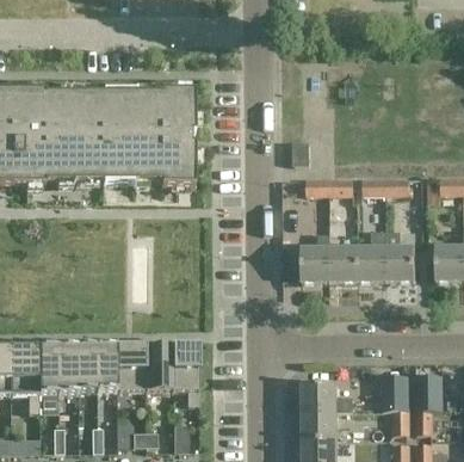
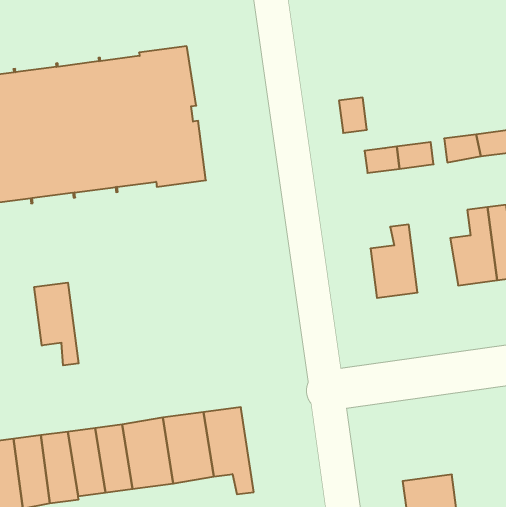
building: [329,232,358,279] -> none
building: none -> [34,283,79,365]
building: [302,380,351,408] -> none

